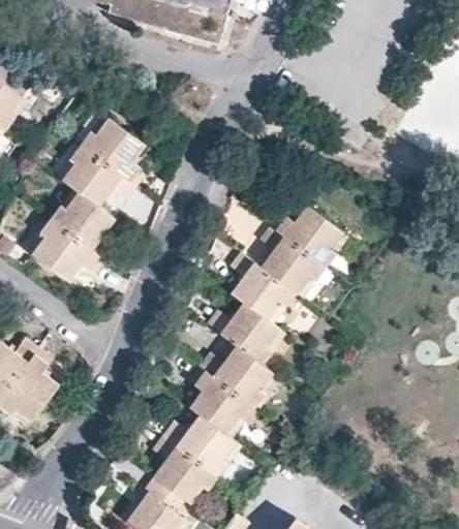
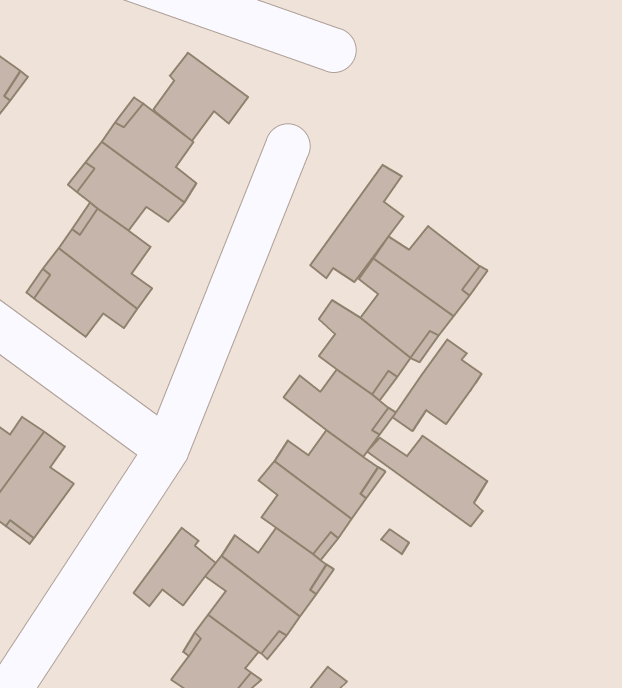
building: none -> [154,53,248,141]
building: none -> [310,165,404,282]
building: none -> [393,339,481,431]
building: none -> [367,436,487,526]
building: none -> [134,528,216,606]

